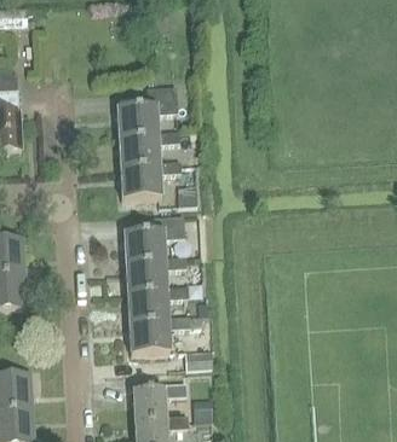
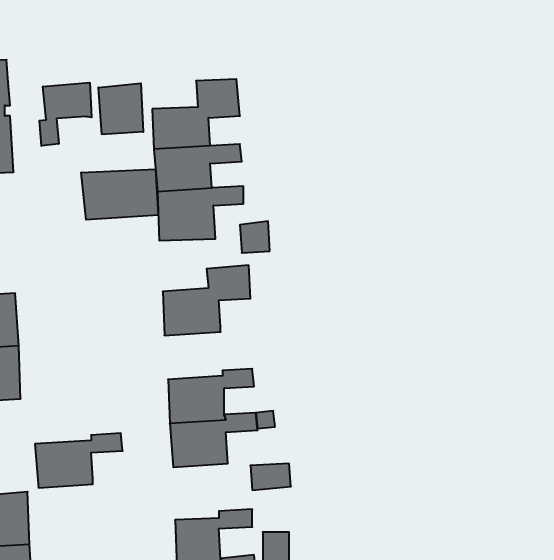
building: none -> [39,83,92,146]
building: none -> [98,83,143,134]
building: none -> [81,169,158,220]
building: [126,256,186,293] -> [35,433,123,488]

